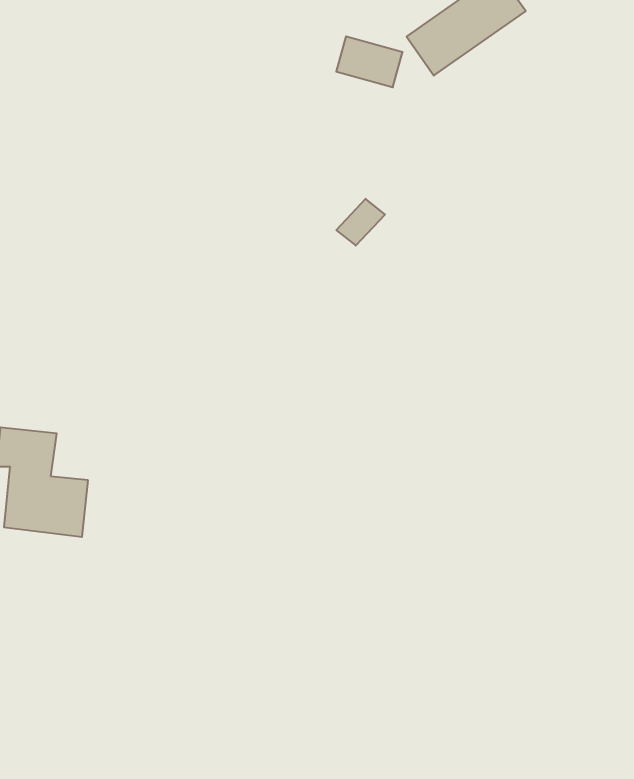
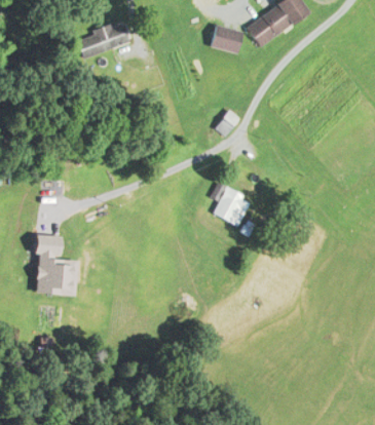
building: none -> [75,26,129,57]
building: none -> [210,183,243,222]

